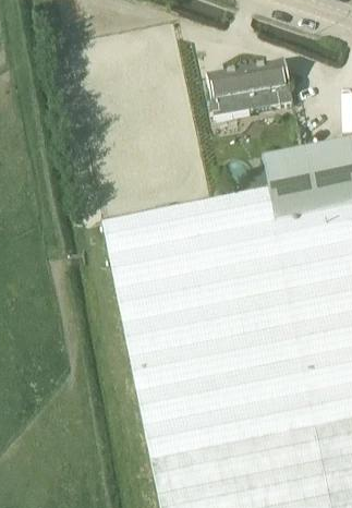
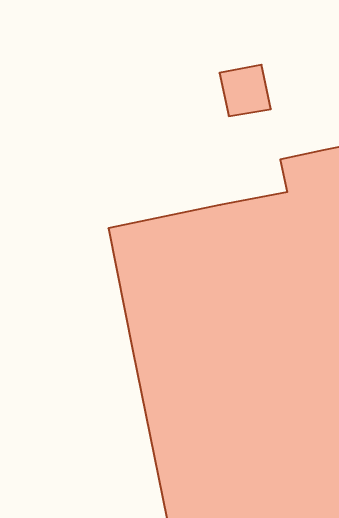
building: [245,63,293,112] -> none

